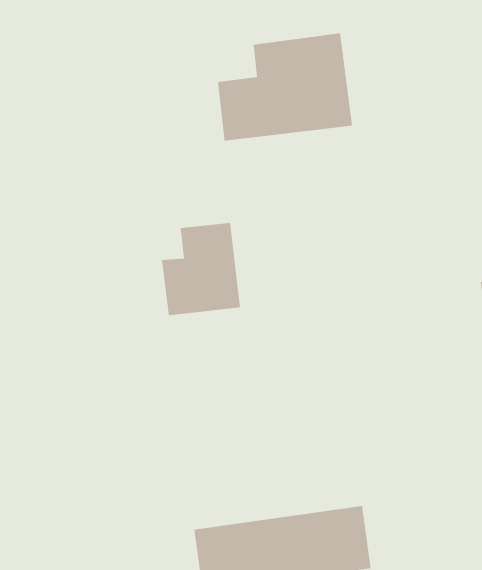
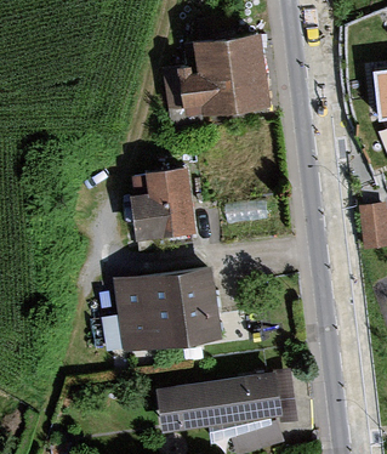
building: none -> [119,271,222,346]

